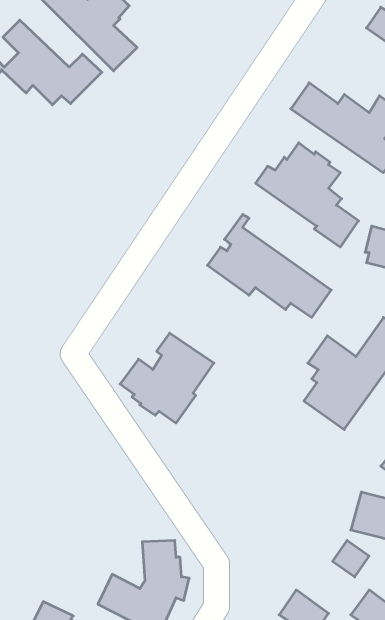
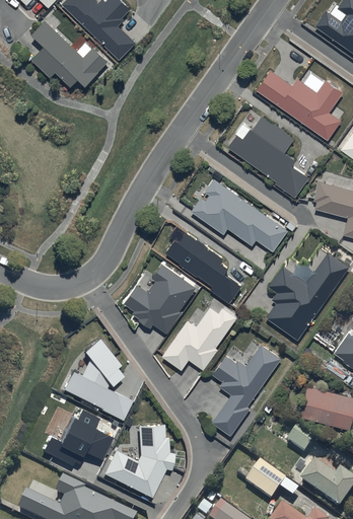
building: none -> [164,231,240,303]
building: none -> [160,306,235,370]
building: none -> [64,339,132,421]
building: none -> [211,345,279,436]
building: none -> [44,411,113,466]

